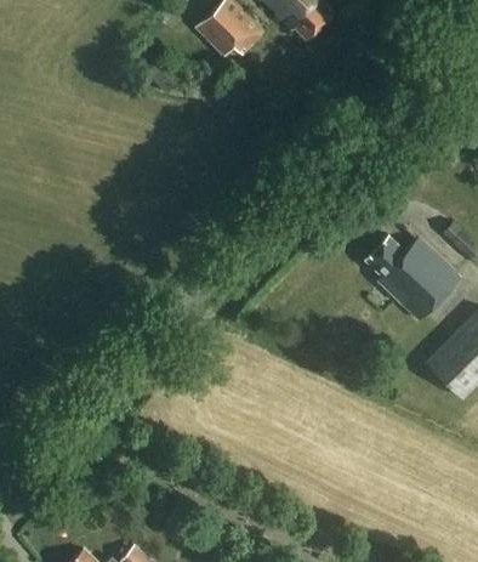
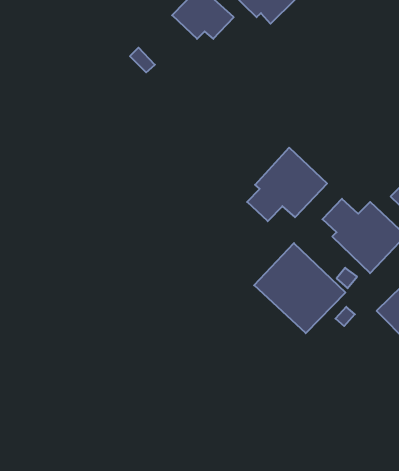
building: none -> [247,148,327,221]
building: none -> [254,243,345,333]

